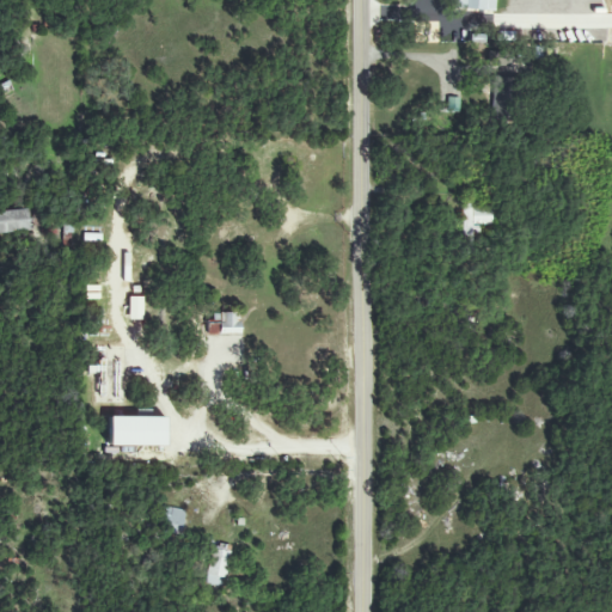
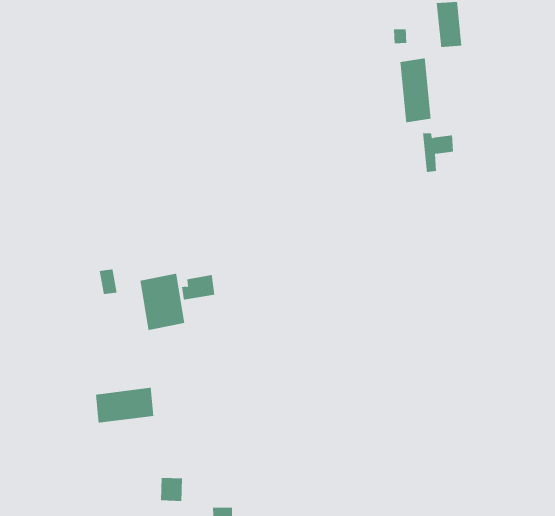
building: none -> [400,58,431,123]
building: none -> [140,273,185,331]

